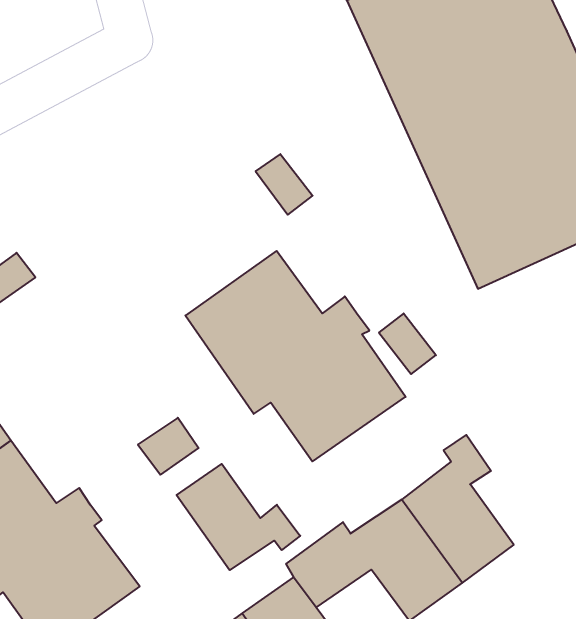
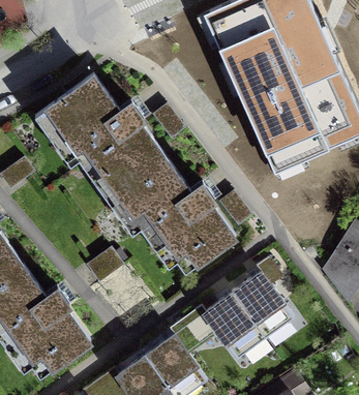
building: none -> [36,74,166,191]
building: [177,464,300,570] -> none

